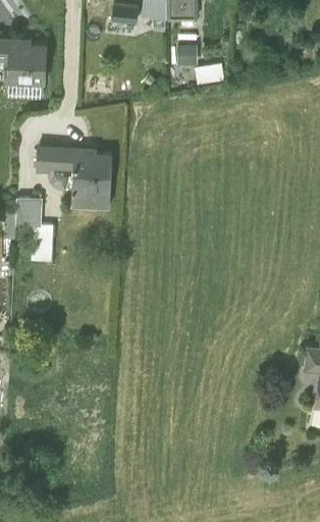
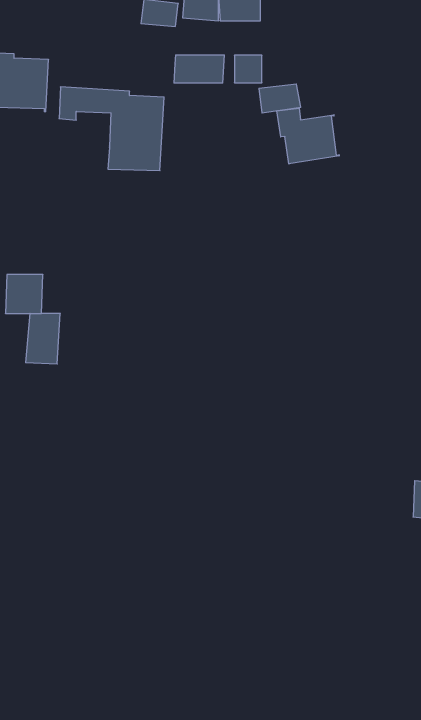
building: none -> [174,55,224,83]
building: none -> [277,108,339,164]
building: [37,150,111,209] -> [59,87,164,171]

